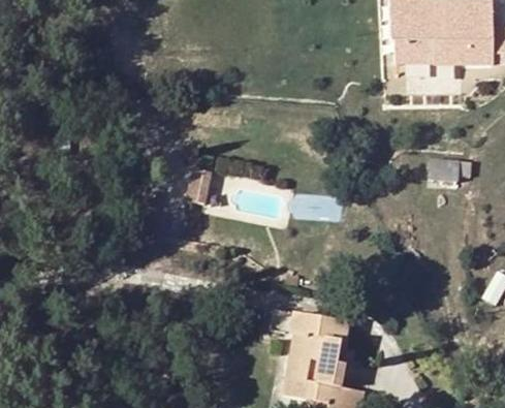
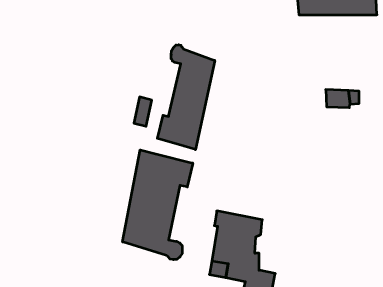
building: none -> [157,45,215,150]
building: none -> [123,150,193,260]

